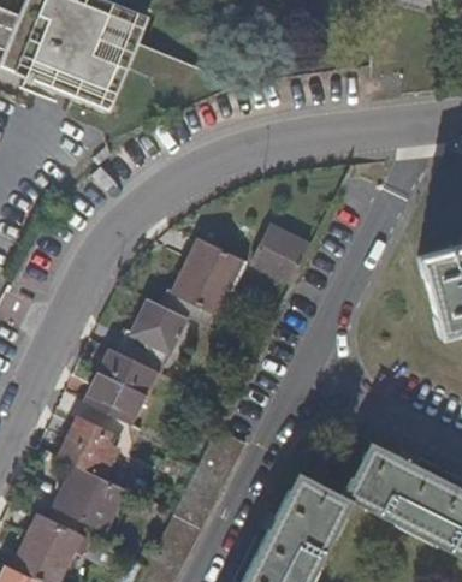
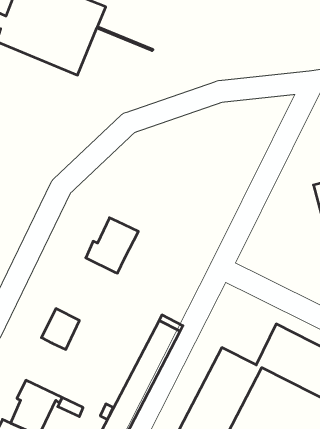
building: [251,227,307,281] -> none
building: [159,239,241,329] -> none
building: [87,352,155,427] -> none
building: [54,467,125,530] -> none

